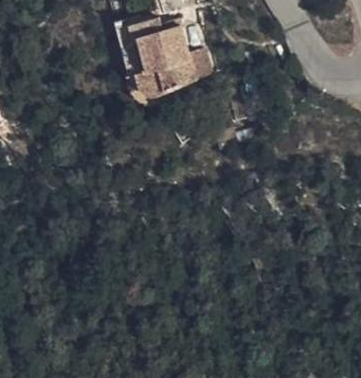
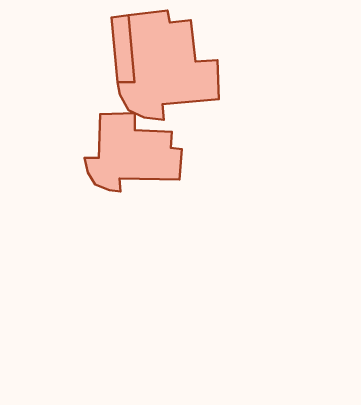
building: none -> [85,113,182,192]

